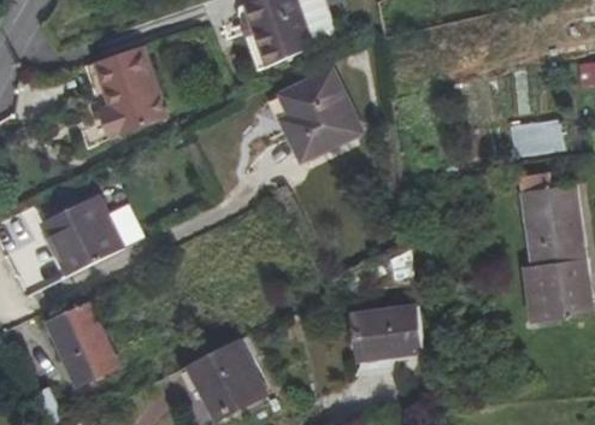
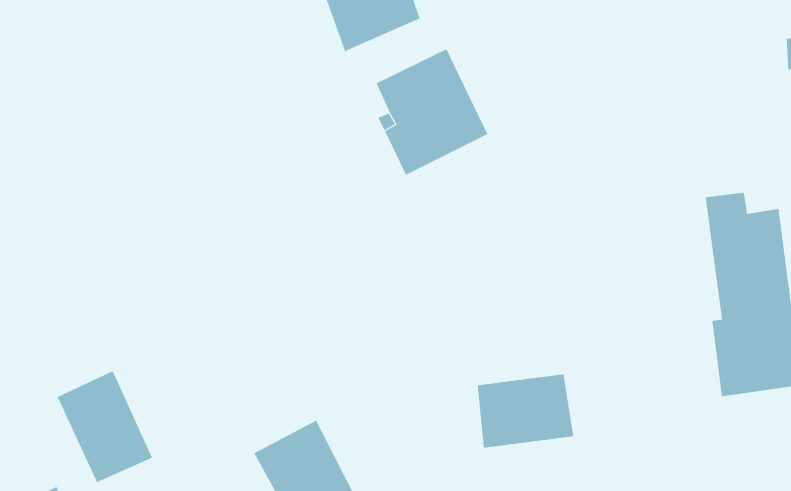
building: [96,46,167,137] -> none
building: [509,119,562,155] -> none
building: [43,196,124,277] -> none

